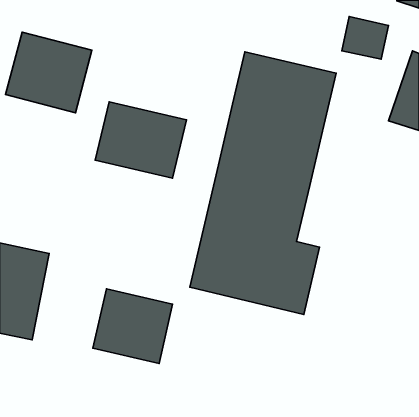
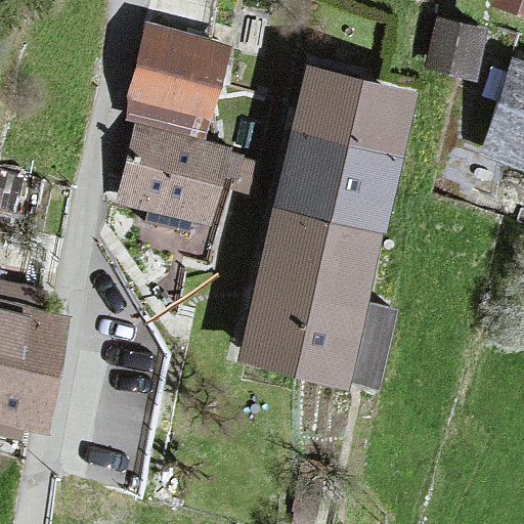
building: [6,32,92,113] -> [126,24,233,124]
building: [93,289,173,363] -> none

